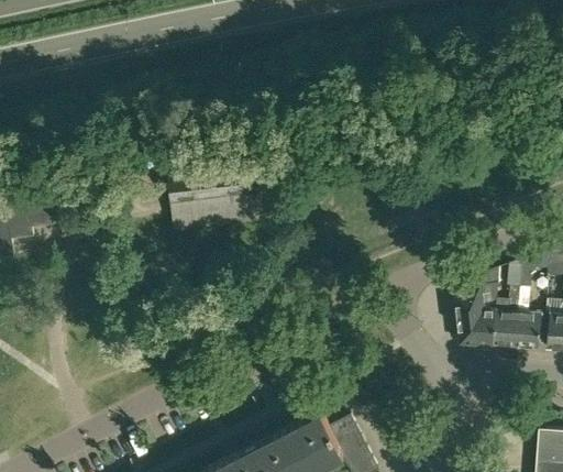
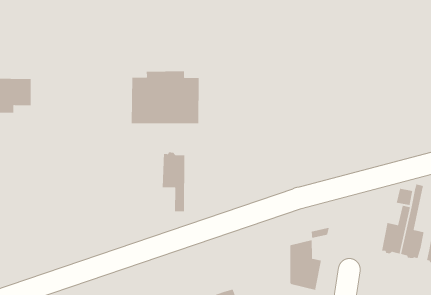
building: none -> [162,152,185,212]
building: [457,271,503,349] -> [289,227,330,291]

